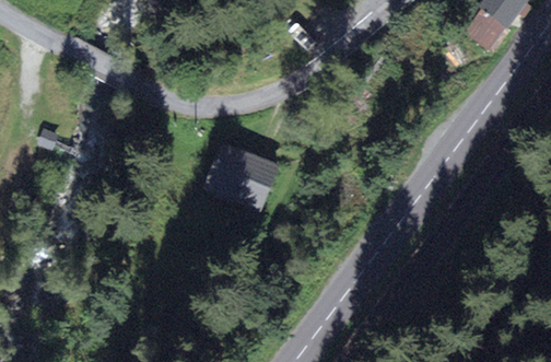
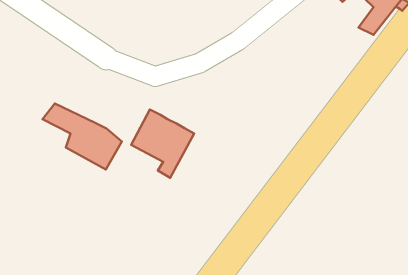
building: none -> [42,104,122,169]

